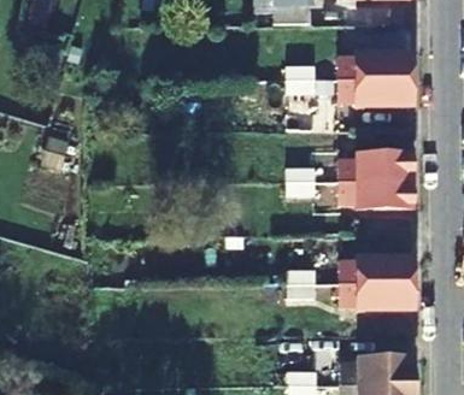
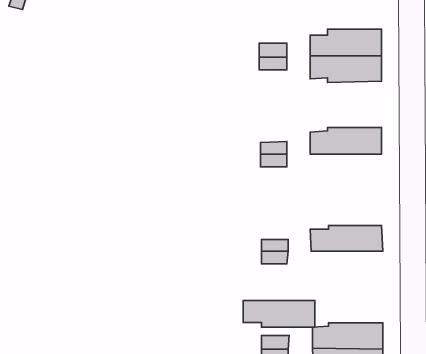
building: [339,181,413,208] -> none
building: [340,282,415,309] -> [243,301,315,327]

